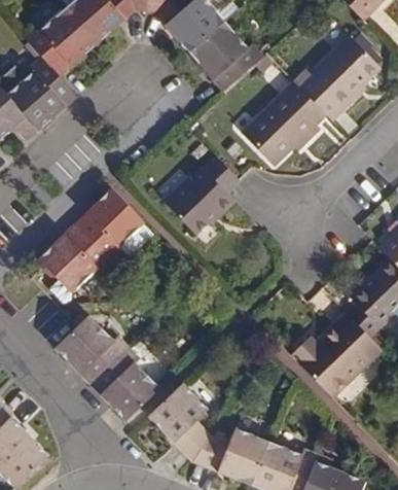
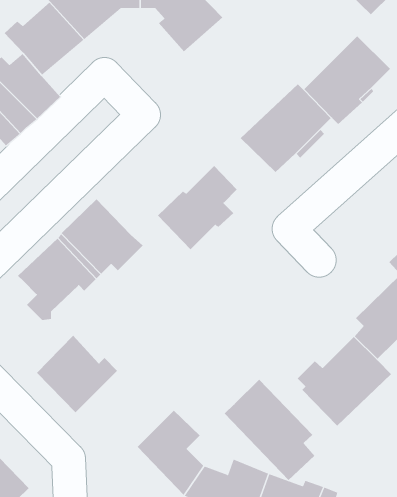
building: [191,21,264,89] -> none
building: [92,346,159,420] -> none
building: none -> [224,379,315,481]

